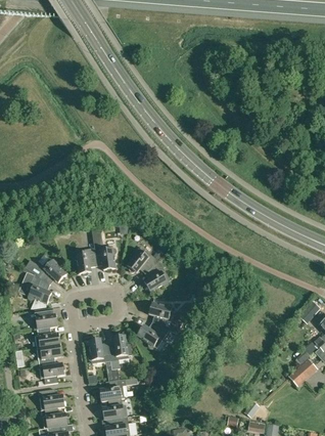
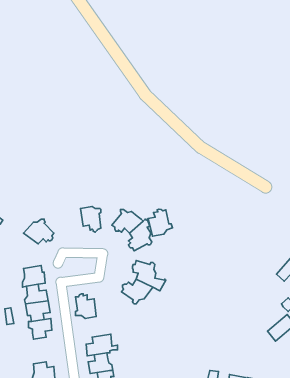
building: [73,247,96,274] -> none
building: none -> [148,209,173,236]
building: [28,272,51,307] -> none
building: [107,332,131,368] -> none
building: [38,388,64,408] -> none

